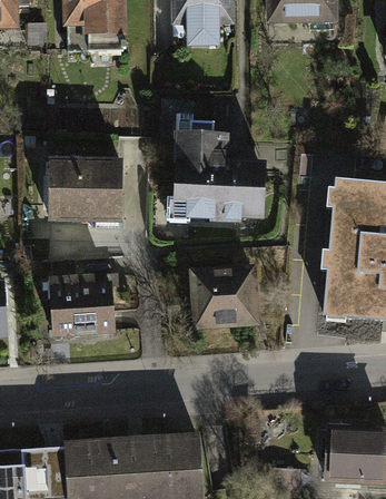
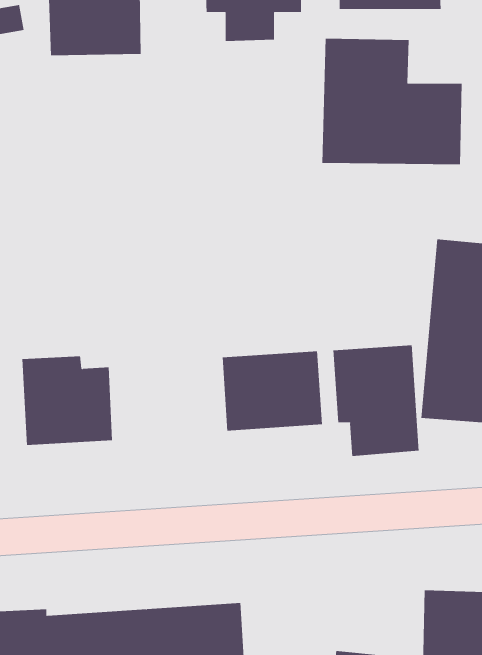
building: [170,123,268,211] -> [321,38,463,165]
building: [47,149,120,217] -> none
building: none -> [333,345,419,457]

